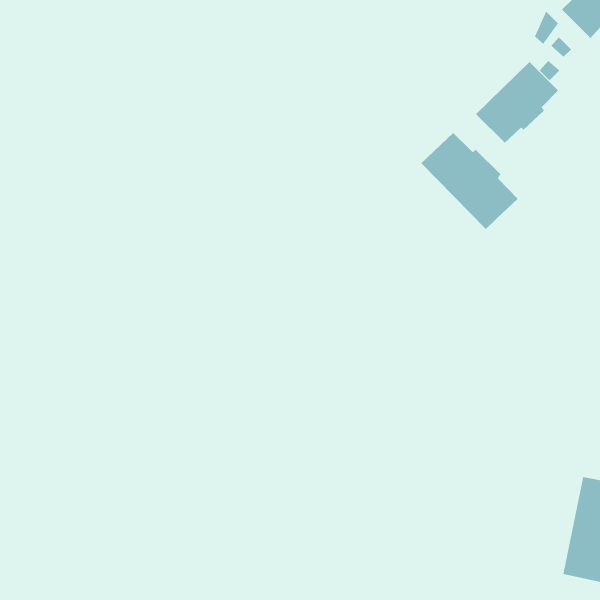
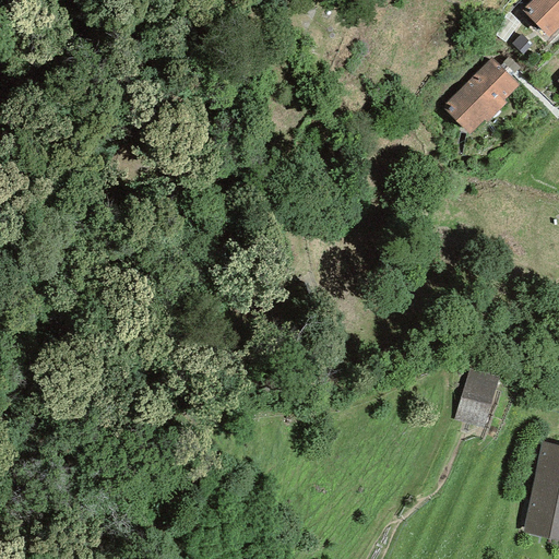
building: [420,132,518,230] -> none
building: none -> [454,366,498,426]

